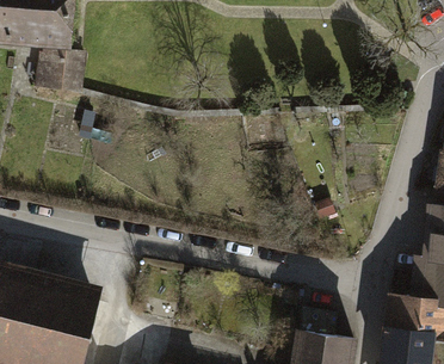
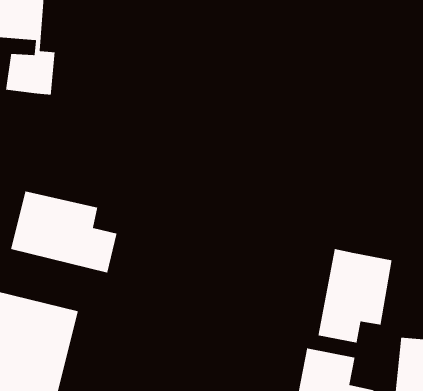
building: none -> [10,190,118,273]
building: none -> [317,248,393,343]

